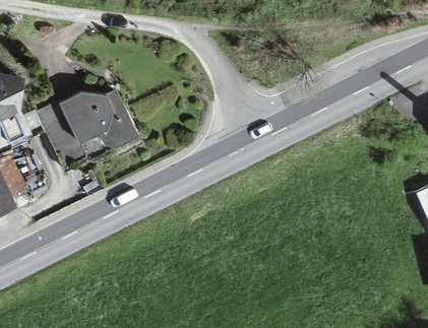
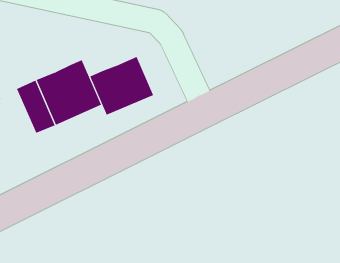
building: none -> [89,56,154,116]

